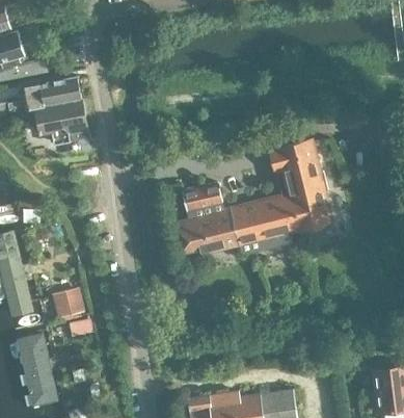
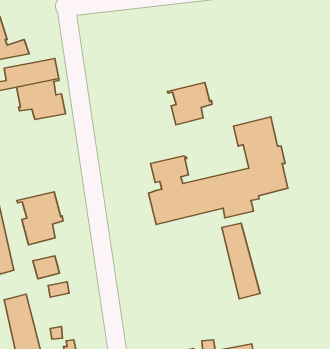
building: none -> [167,82,212,125]
building: none -> [17,192,63,245]
building: none -> [222,223,260,299]

